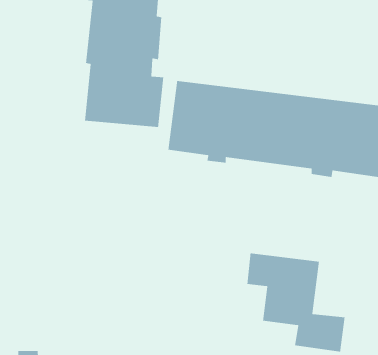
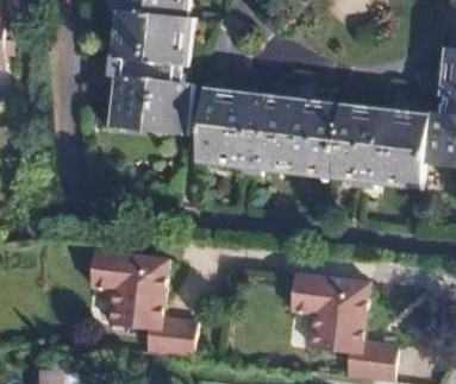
building: none -> [81,248,188,354]

